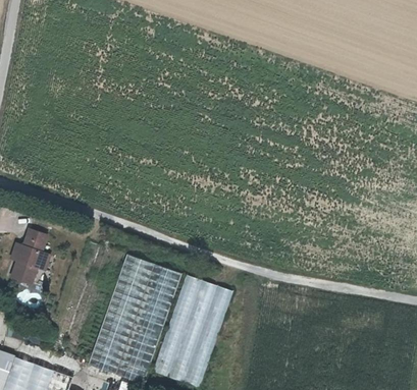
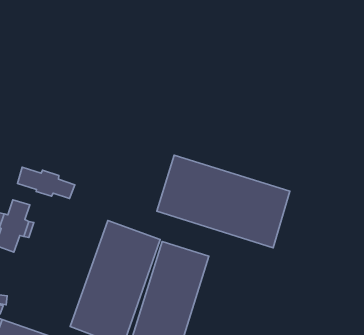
building: none -> [157,155,290,248]
building: none -> [17,167,75,199]

